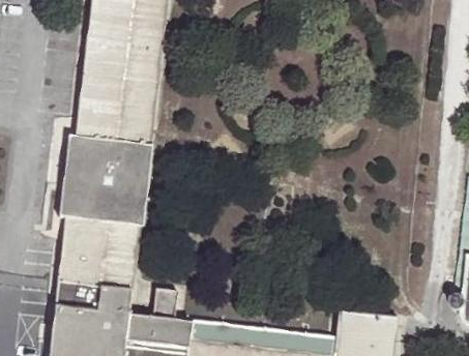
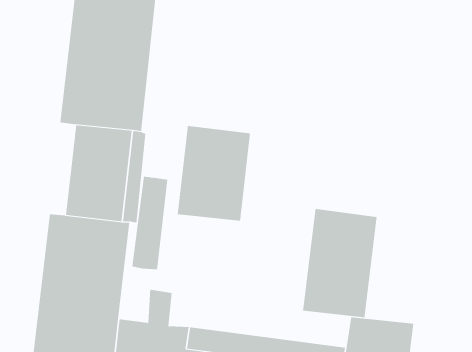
building: [58,132,91,217] -> [132,176,168,270]
building: none -> [177,125,250,221]
building: none -> [303,208,377,318]

